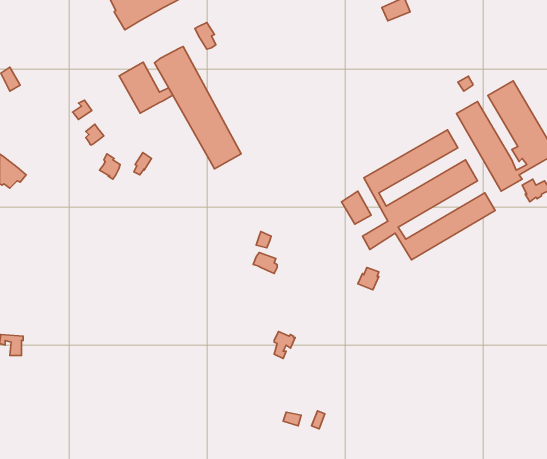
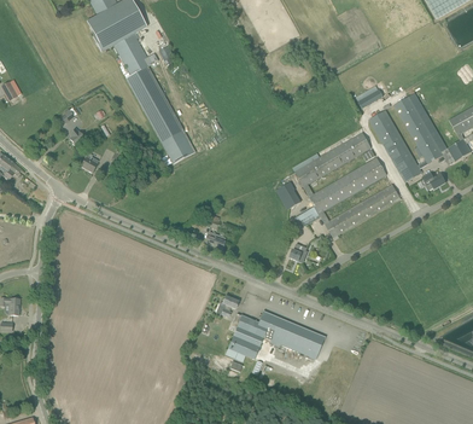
building: [119,62,173,113] -> [113,33,157,74]
building: none -> [228,310,325,358]

